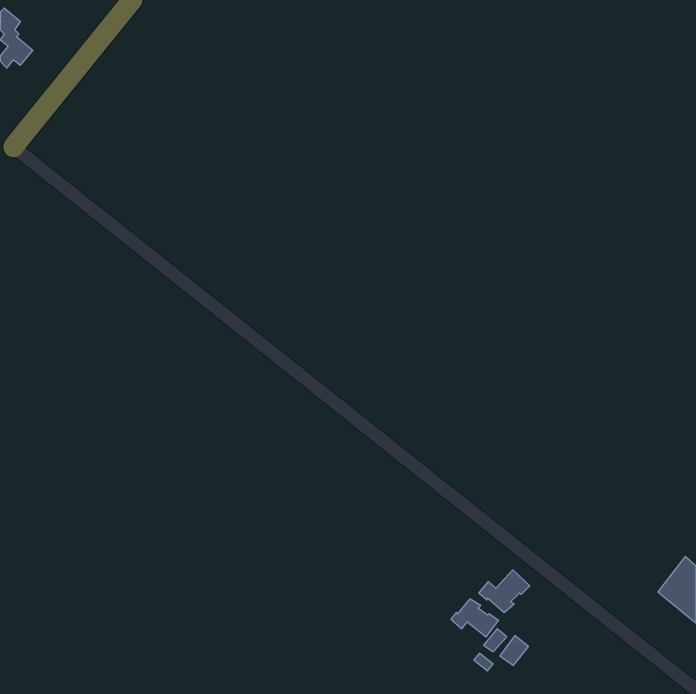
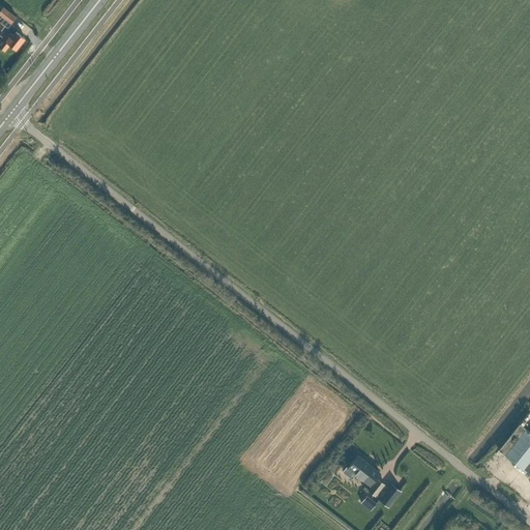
building: [479,570,530,613] -> none

